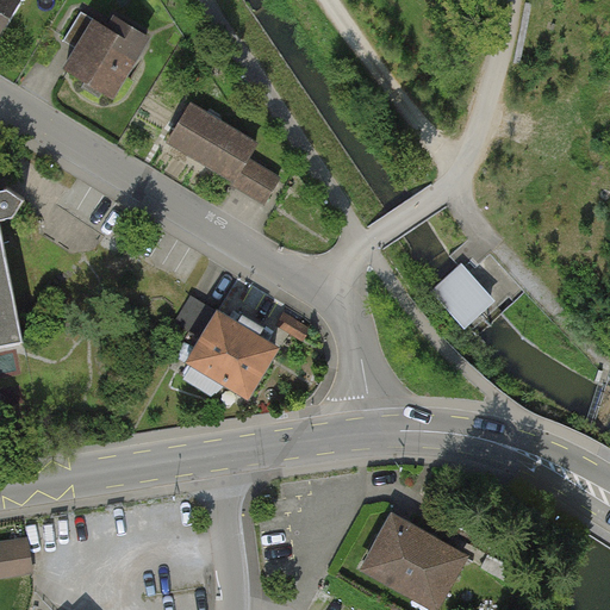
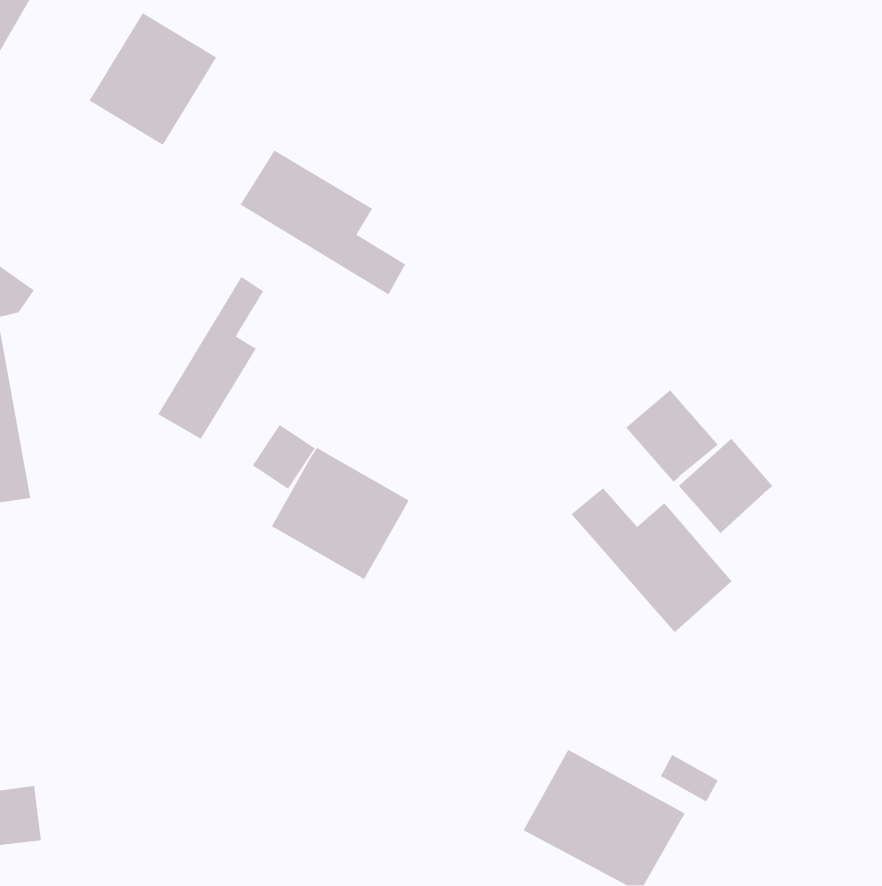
building: none -> [157,276,264,440]
building: none -> [678,438,774,534]
building: none -> [570,487,733,633]

